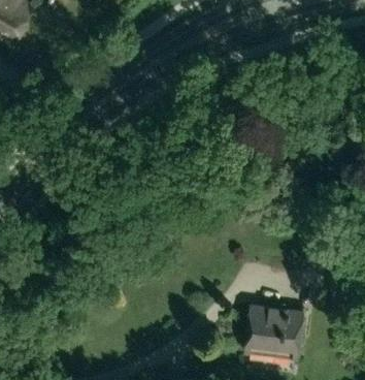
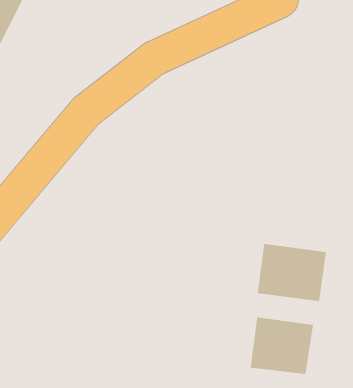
building: none -> [257,243,326,302]

